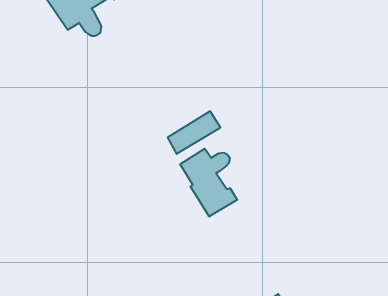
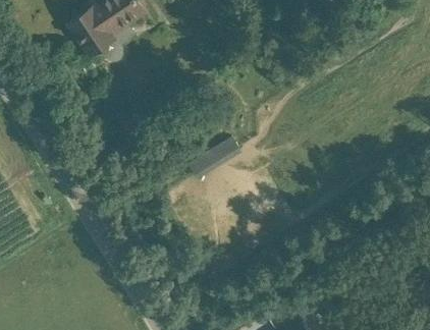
building: [180,149,237,217] -> none

